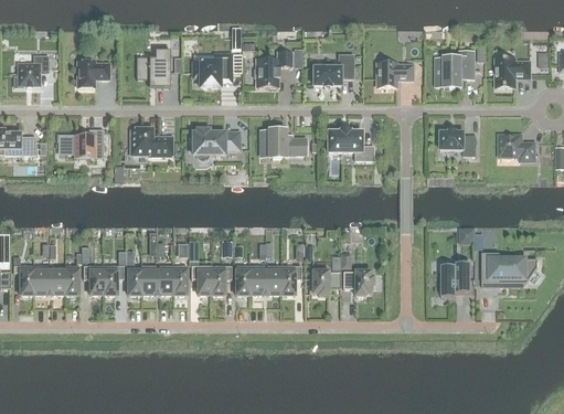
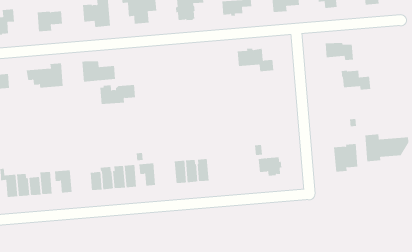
building: [260,128,306,157] -> none
building: [193,129,238,153] -> [99,85,136,105]
building: [498,132,534,159] -> [341,70,371,90]
building: [104,265,124,294] -> none
building: [211,265,232,294] -> none
building: [279,265,301,294] -> none
building: [310,269,340,294] -> none

